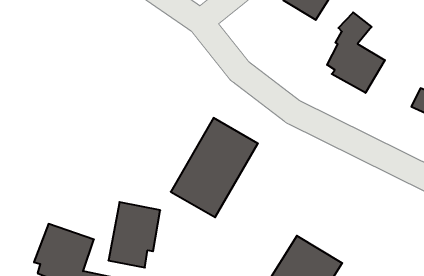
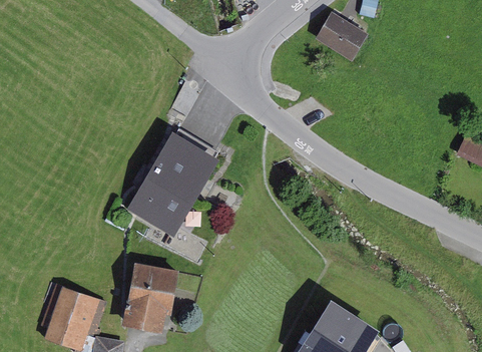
building: [327,12,385,93] -> none
building: [171,118,258,217] -> [124,129,220,239]

